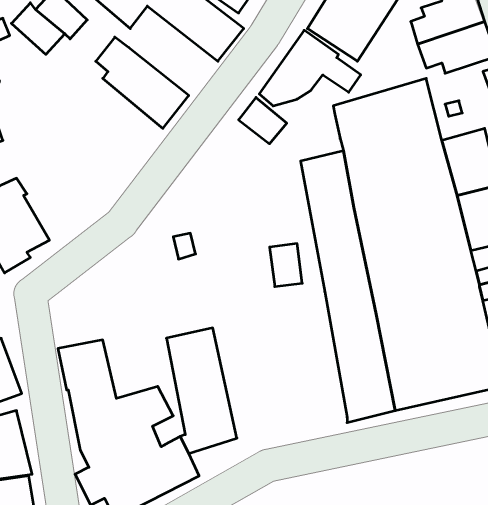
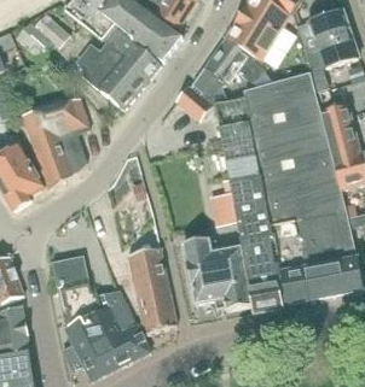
building: none -> [99,28,160,84]
building: none -> [23,98,91,187]
building: none -> [181,238,250,310]

